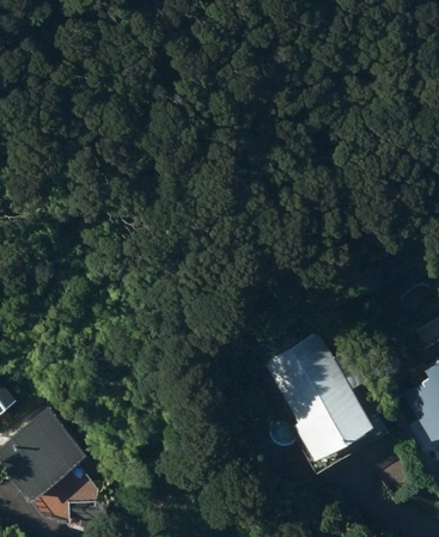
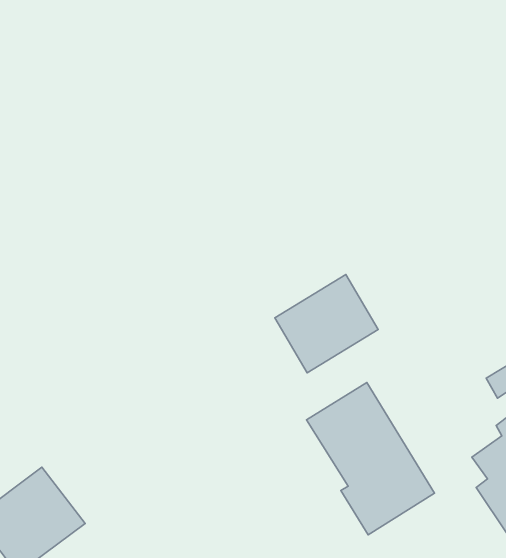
building: none -> [275,274,378,373]

